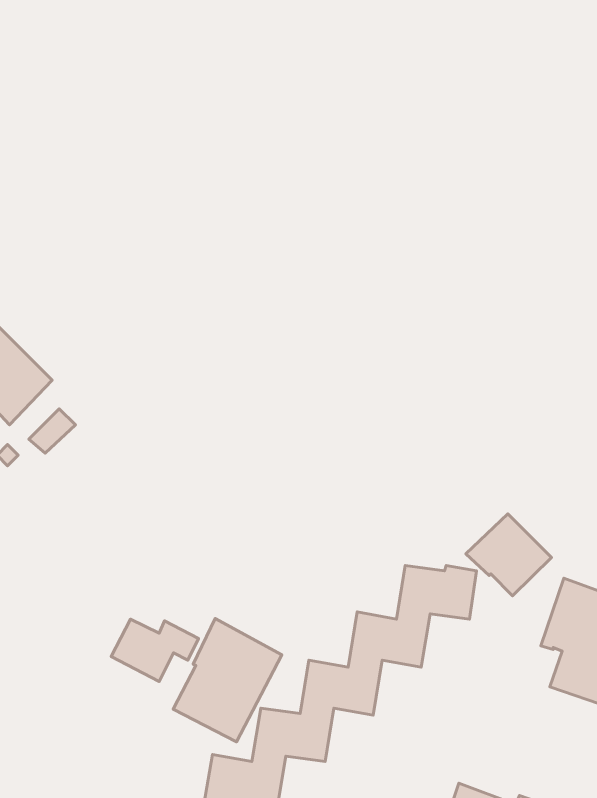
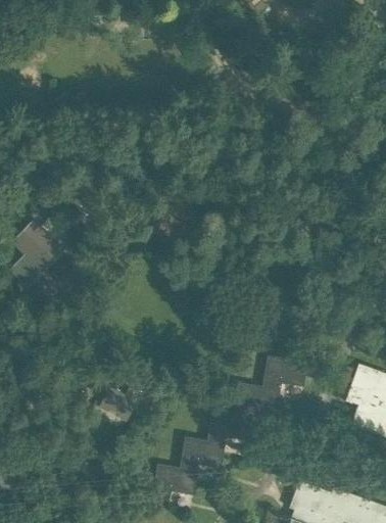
building: [466,514,551,596] -> none
building: [173,618,282,742] -> none

